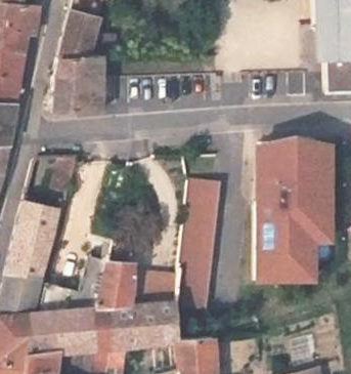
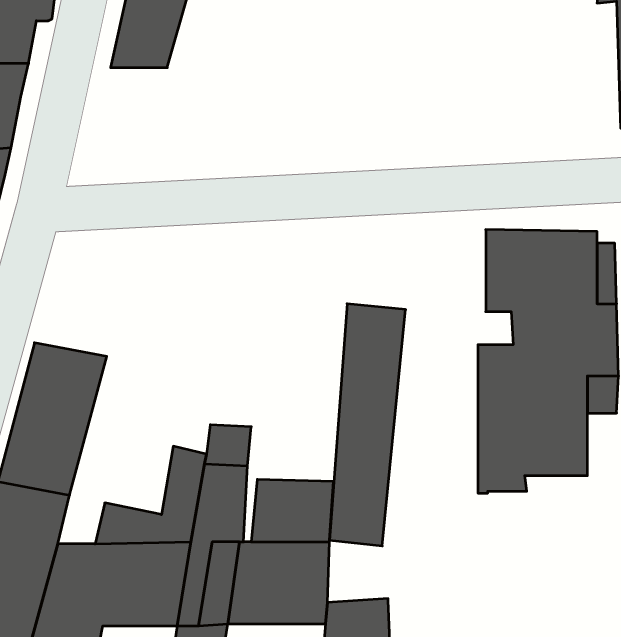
building: [58,55,108,112] -> none

